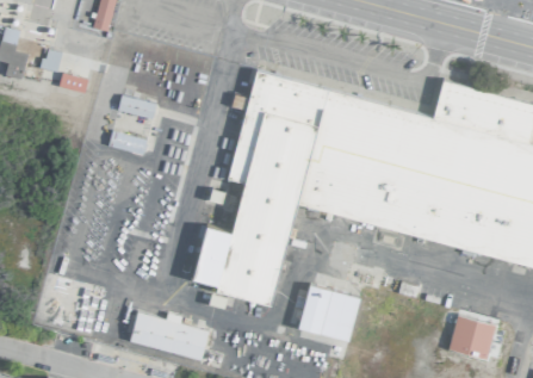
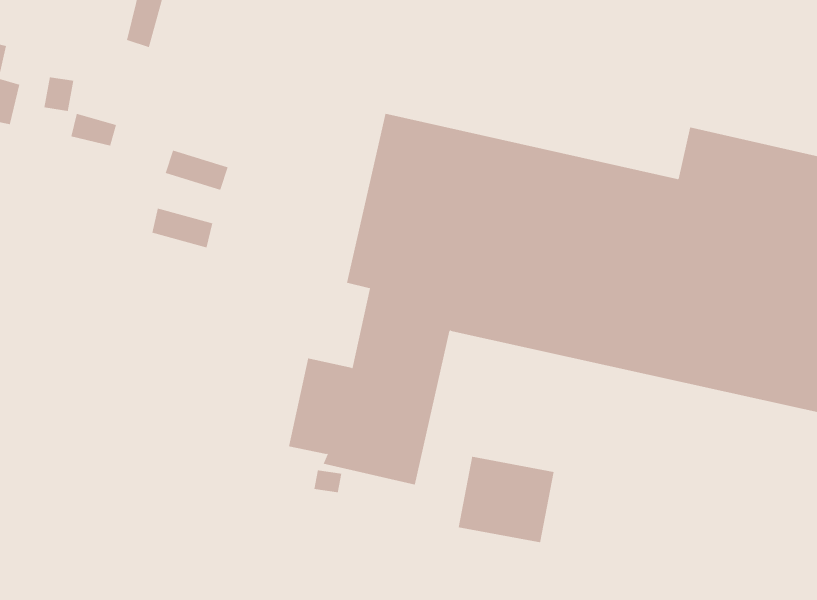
building: [130,315,210,364] -> none
building: [450,317,497,361] -> none

